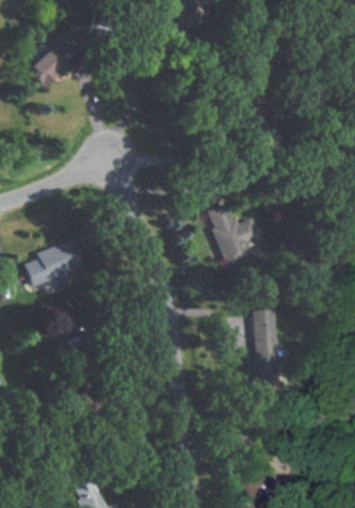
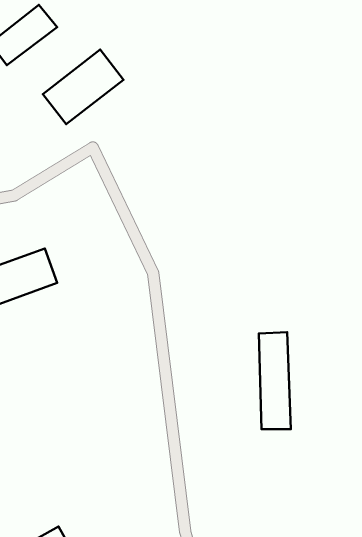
building: none -> [43,50,123,124]
building: [206,203,261,269] -> none

